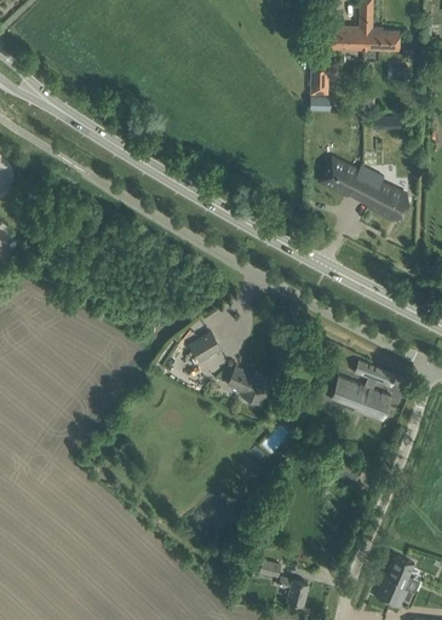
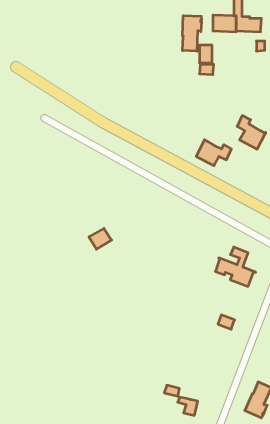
building: none -> [183,16,202,51]
building: [322,159,373,196] -> [196,140,231,166]
building: [189,333,222,363] -> [89,228,112,249]
building: [229,369,271,404] -> none

